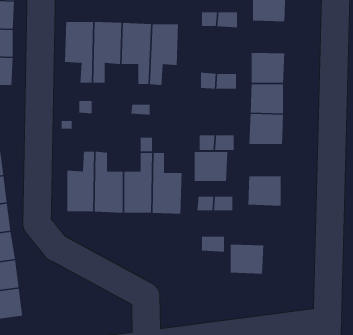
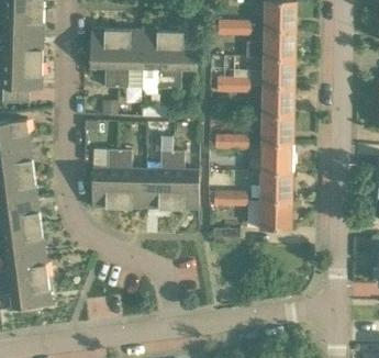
building: none -> [246,30,296,59]
building: [194,151,228,182] -> [261,145,293,174]
building: [230,244,264,274] -> [260,201,292,230]

